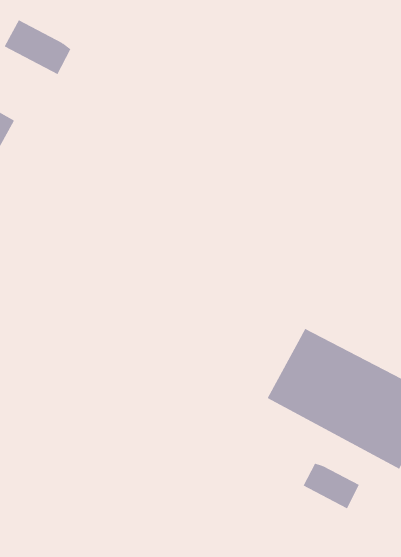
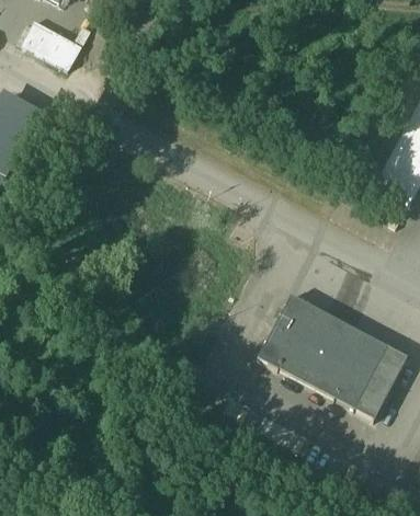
building: [303,463,360,509] -> none

